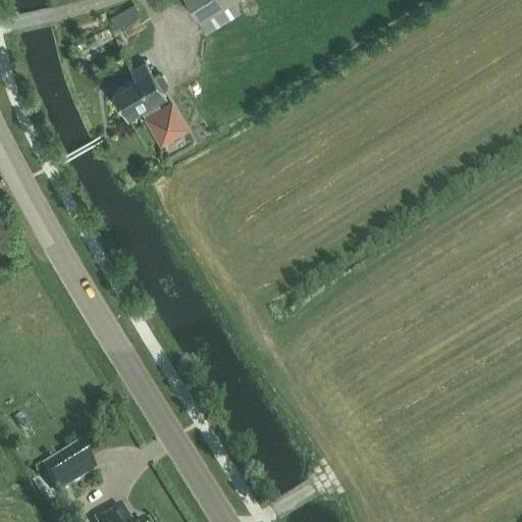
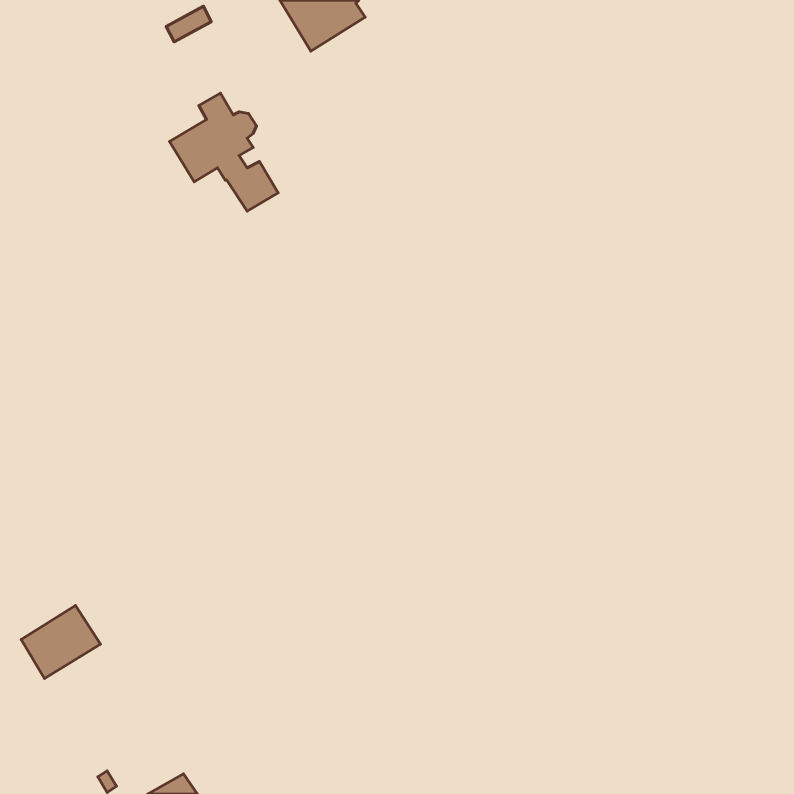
building: [44,447,96,494] -> [21,605,100,678]

